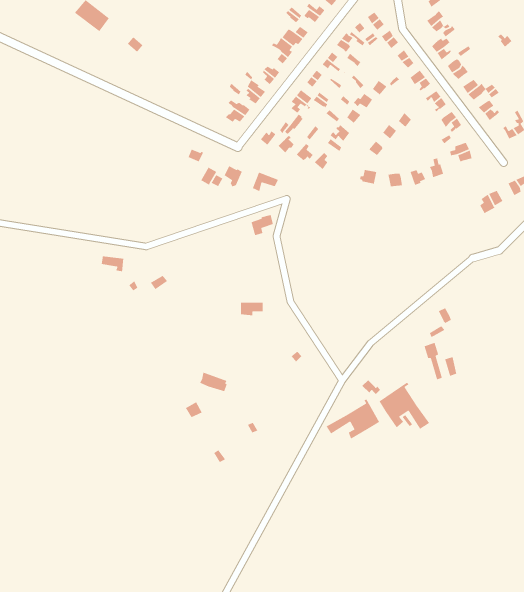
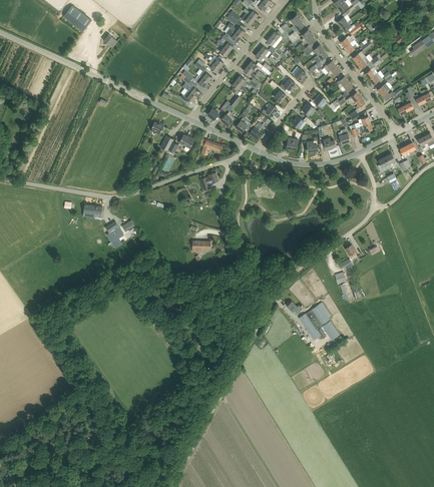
building: [326,398,380,440] -> none

